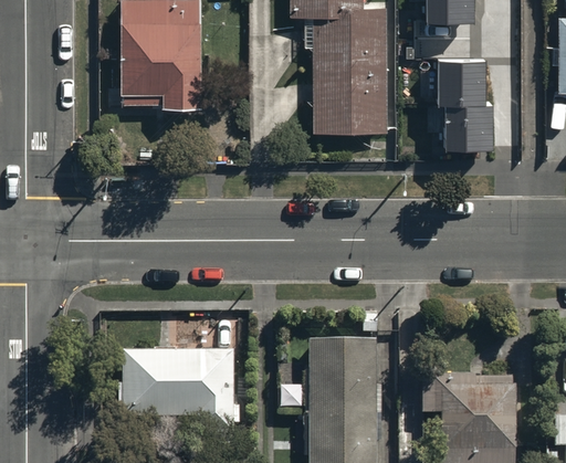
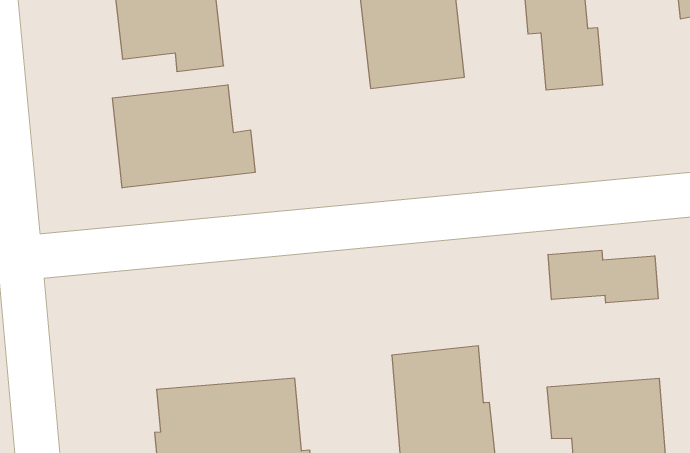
building: none -> [112,85,255,188]
building: none -> [548,250,658,303]

